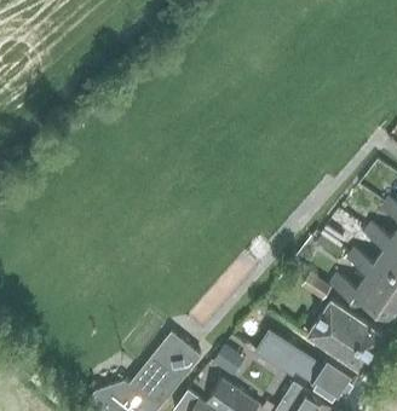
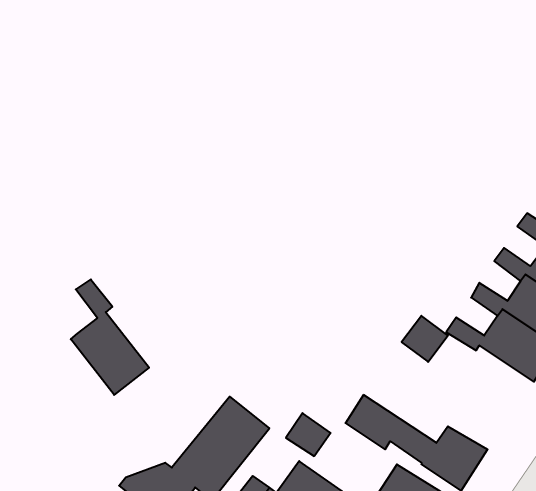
building: none -> [71,279,149,395]
building: [307,300,382,370] -> none

